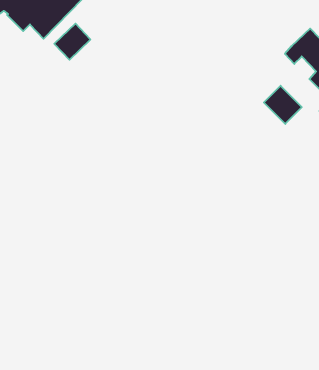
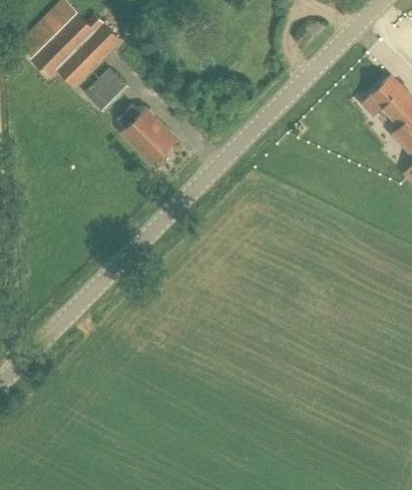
building: none -> [117,104,177,163]
building: [264,86,302,124] -> none

